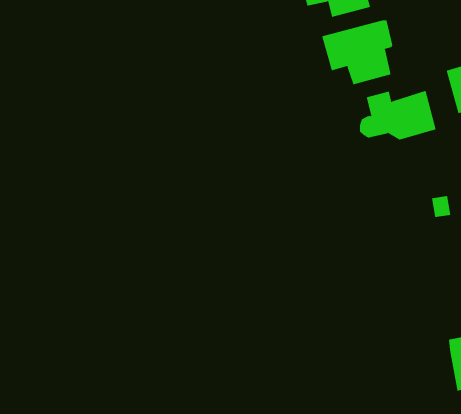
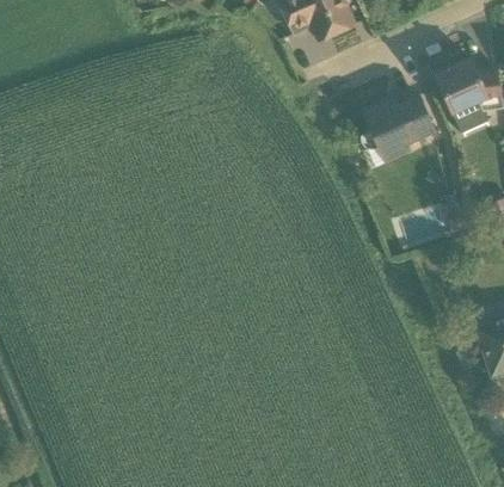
building: [322,19,393,85] -> none

